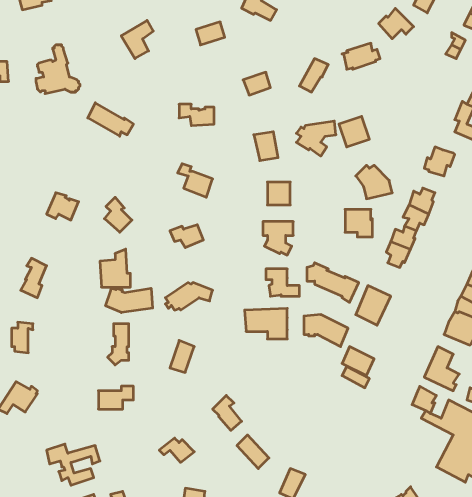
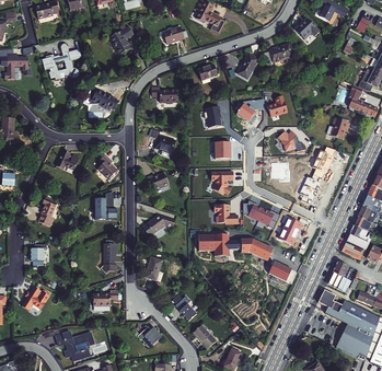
building: [106,288,153,313] -> none

